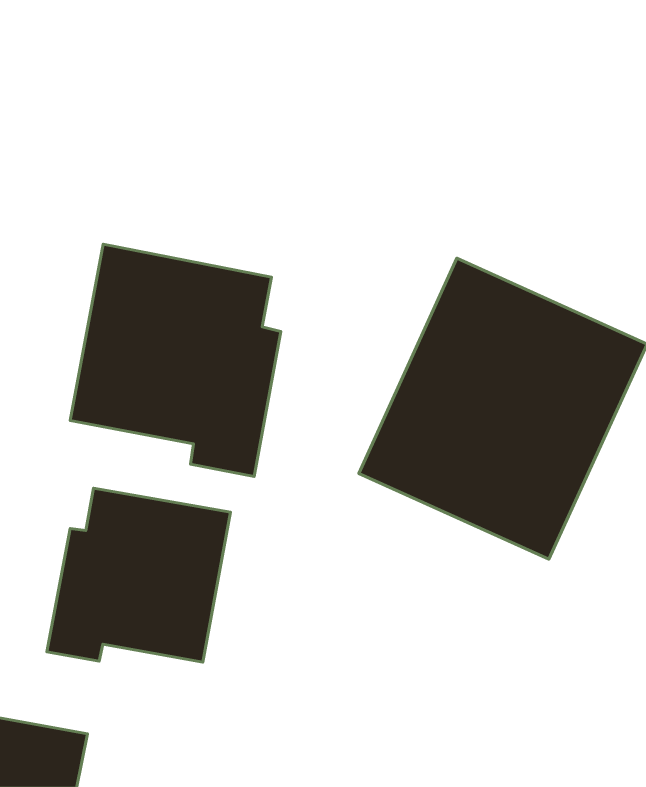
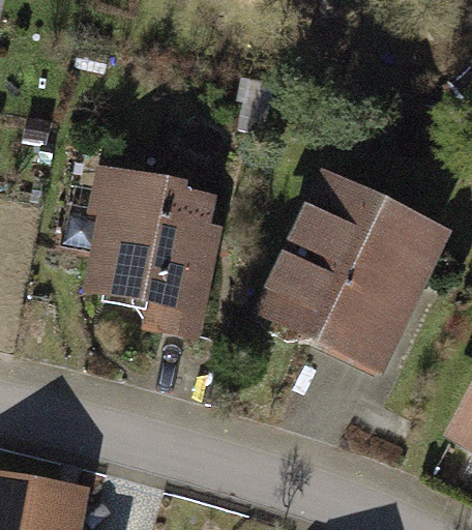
building: [47,488,231,662] -> none

